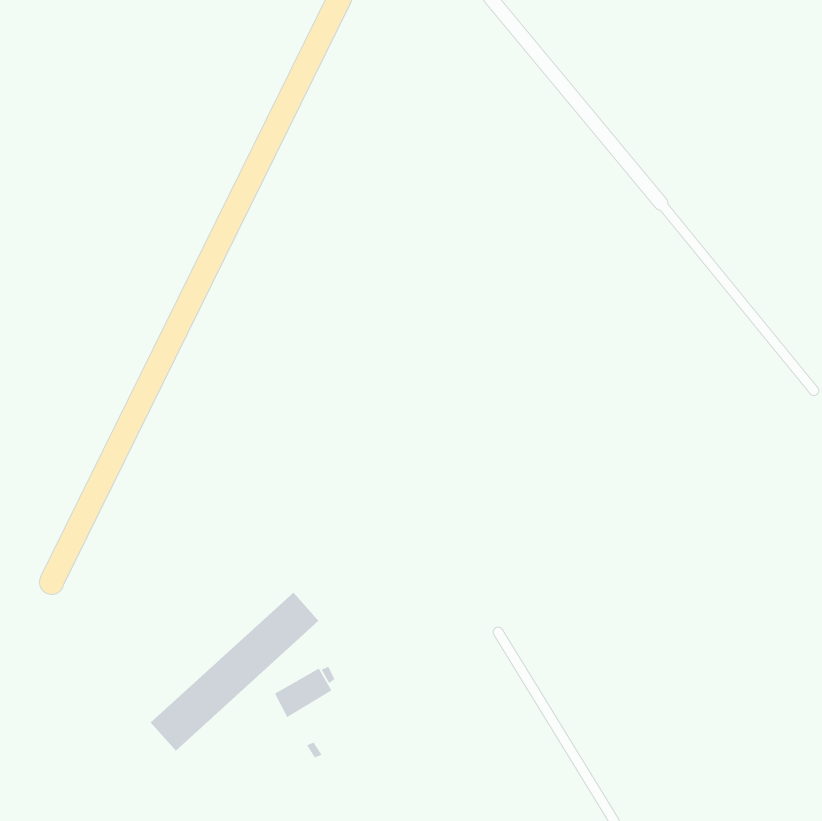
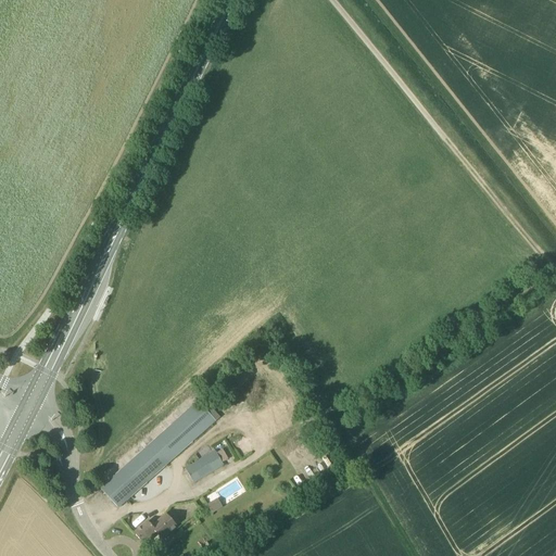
building: none -> [136,513,178,543]

